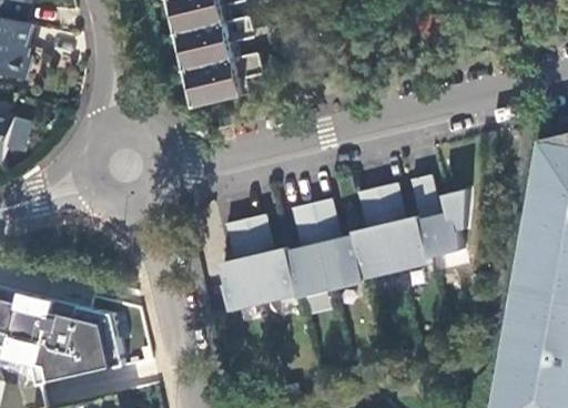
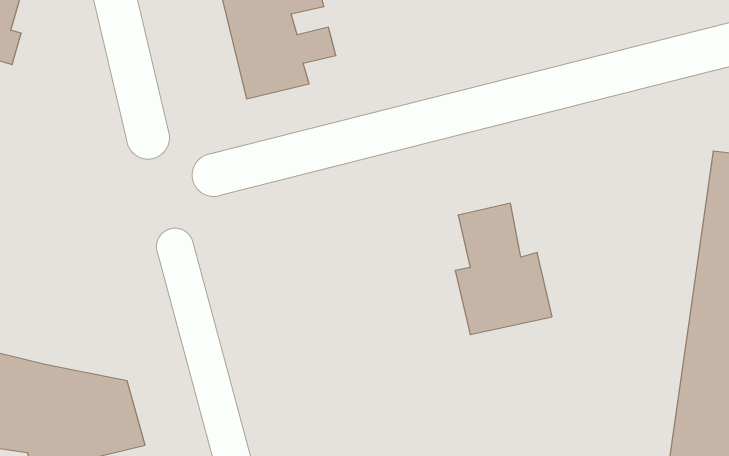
building: [413,181,468,263] -> none
building: [290,202,361,298] -> none
building: [222,213,294,310] -> none

